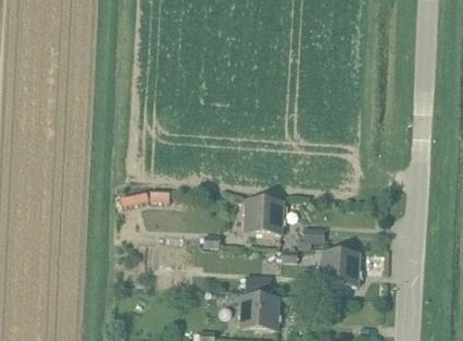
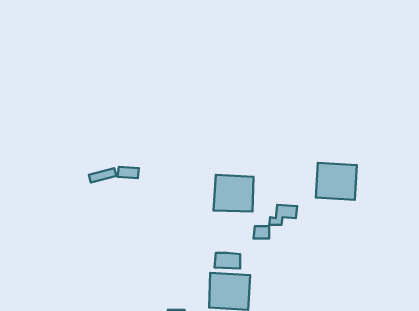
building: [320,249,360,285] -> [316,163,357,200]

